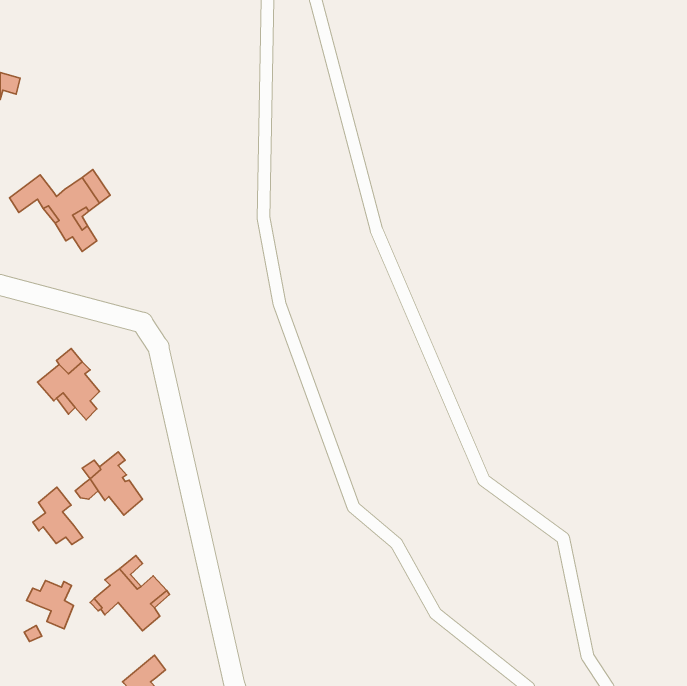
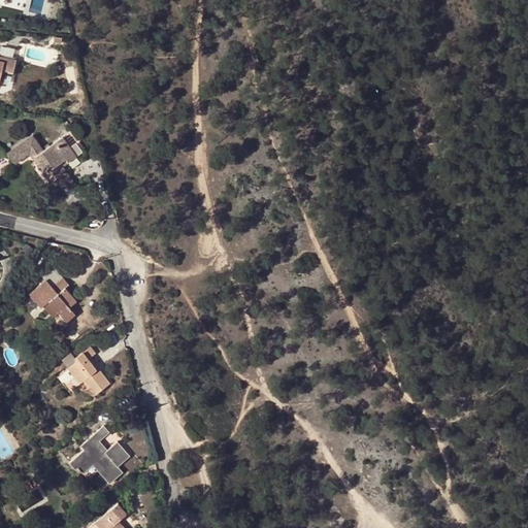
building: [33,487,83,545] -> none
building: [26,580,74,629] -> none

